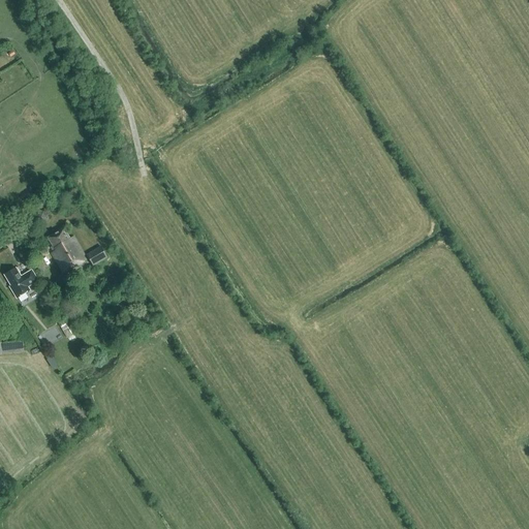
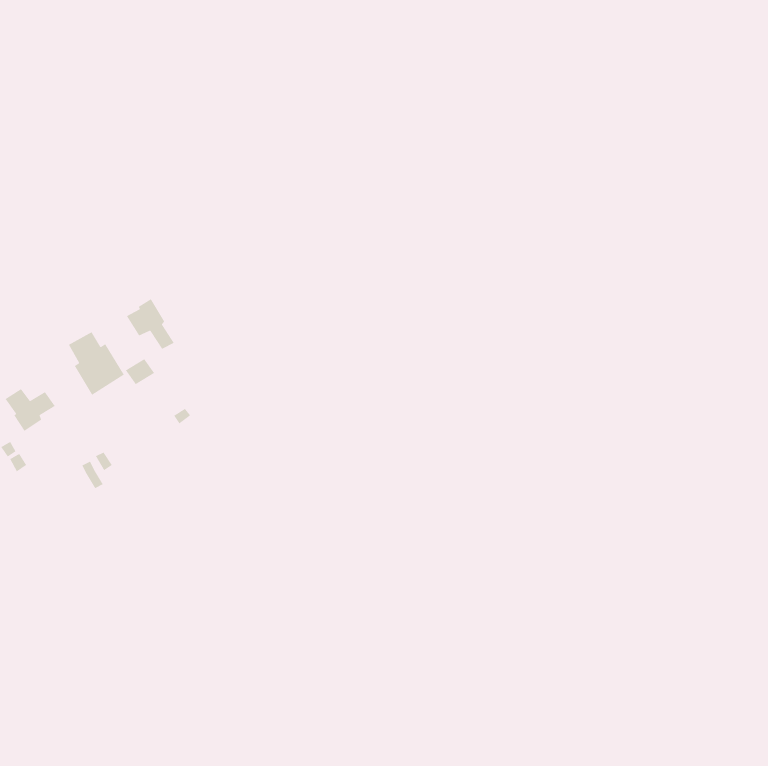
building: none -> [126,298,175,350]

